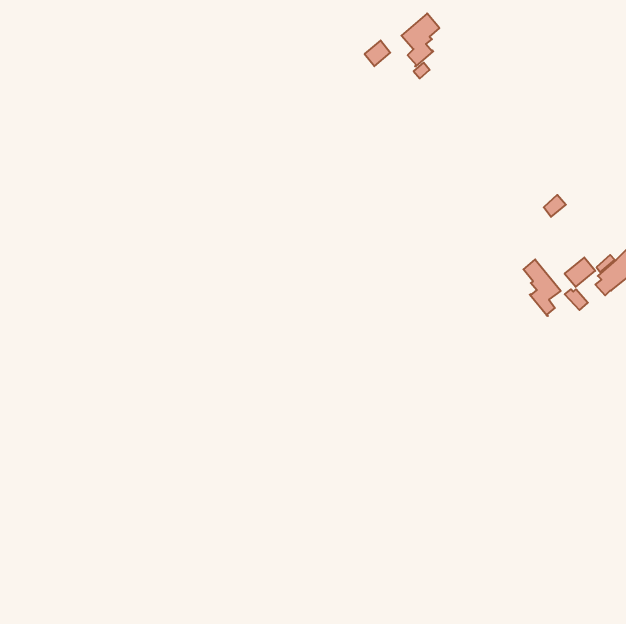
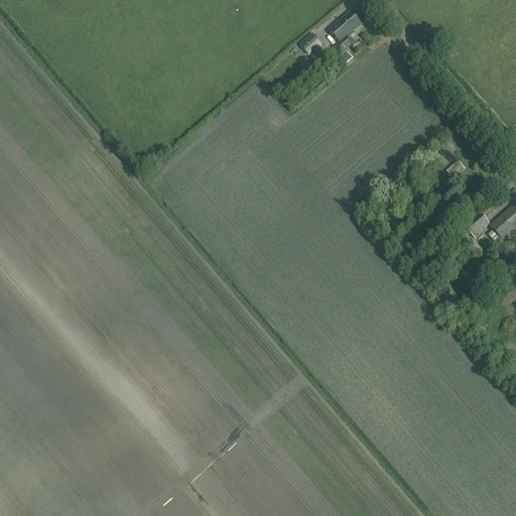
building: [523,259,561,316] -> none

